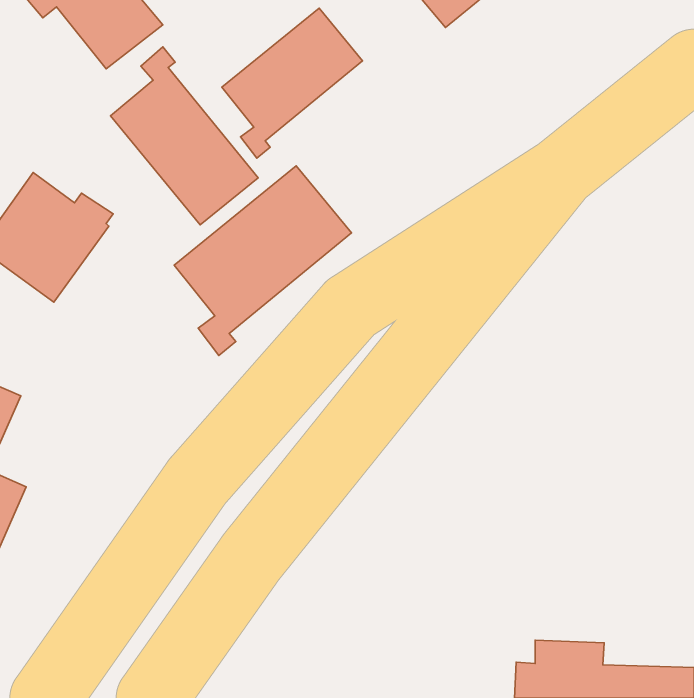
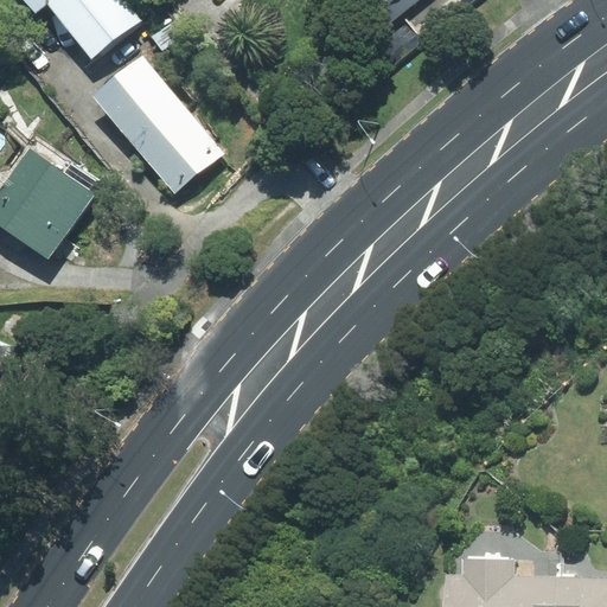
building: [222,8,363,158] -> none
building: [174,166,352,355] -> none

